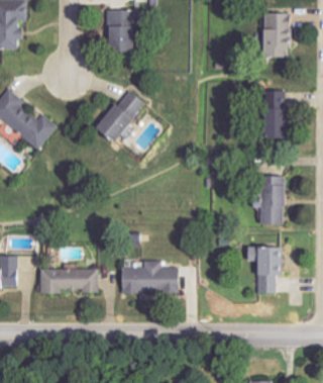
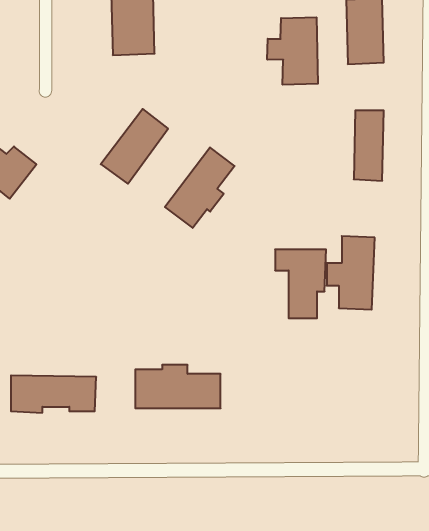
building: none -> [267,17,318,85]
building: none -> [165,147,235,228]
building: [247,247,282,293] -> [275,249,326,318]

